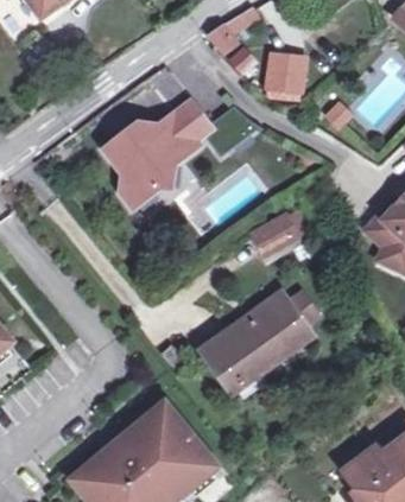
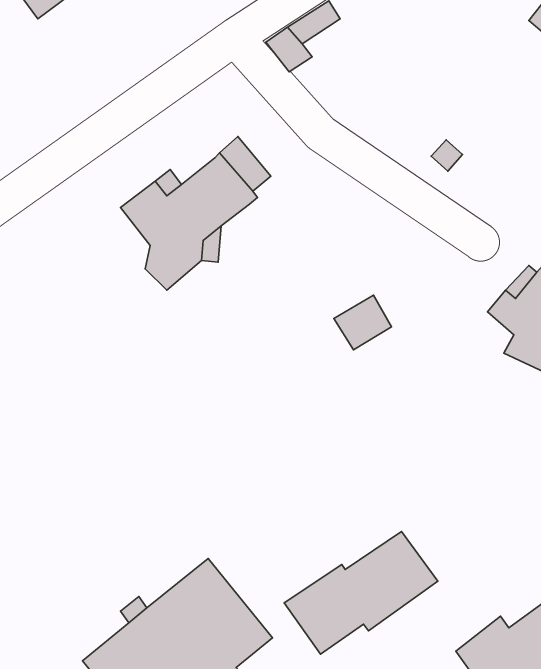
building: [266,53,306,90] -> none
building: [201,298,311,386] -> [284,532,438,654]

